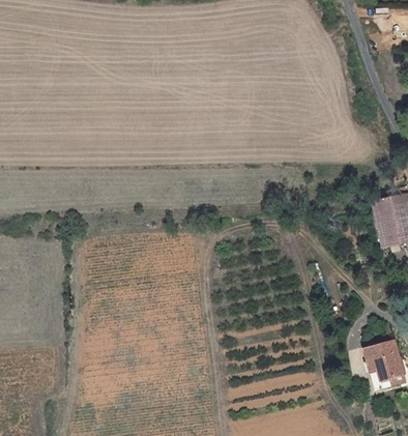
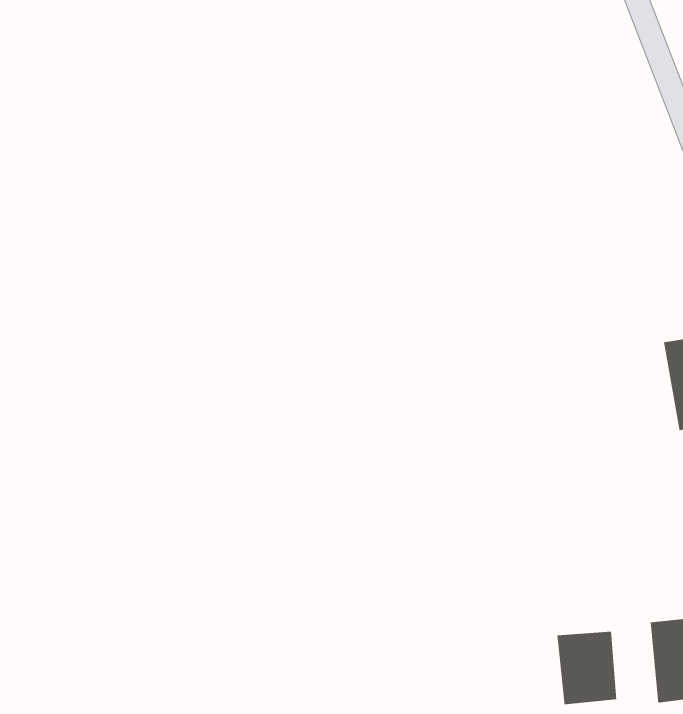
building: none -> [557,631,617,705]

